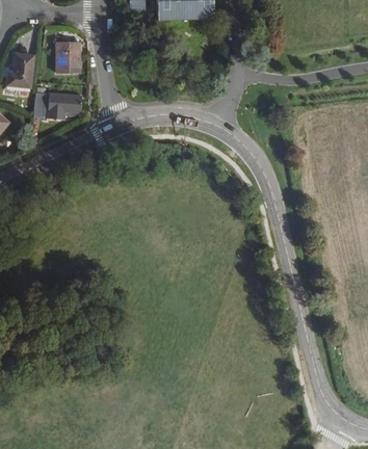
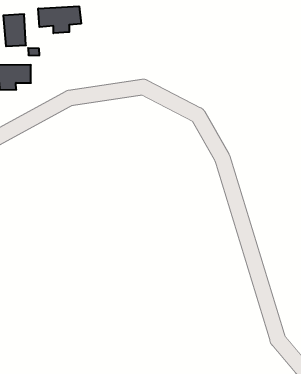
building: none -> [38,6,81,33]

